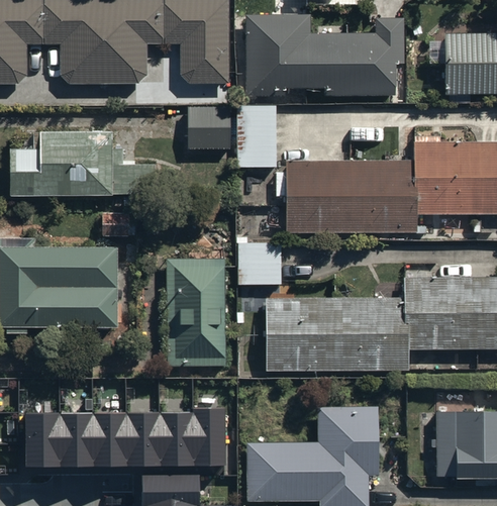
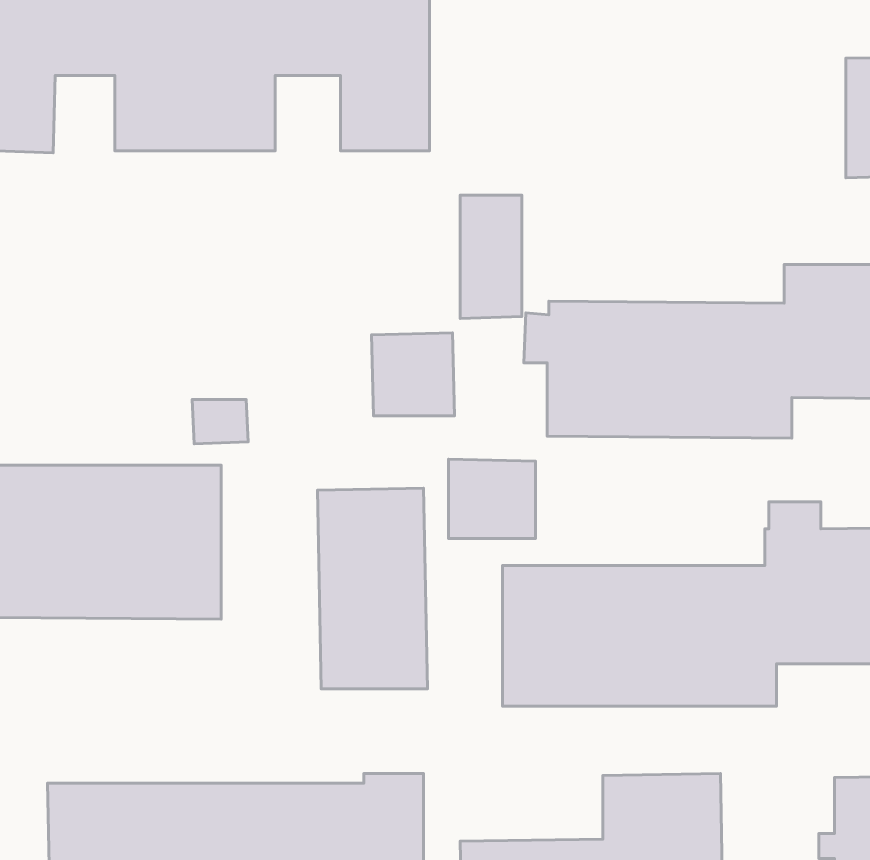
building: [244,14,406,93] -> none
building: [187,105,230,148] -> [372,333,455,416]
building: [12,131,153,195] -> none

